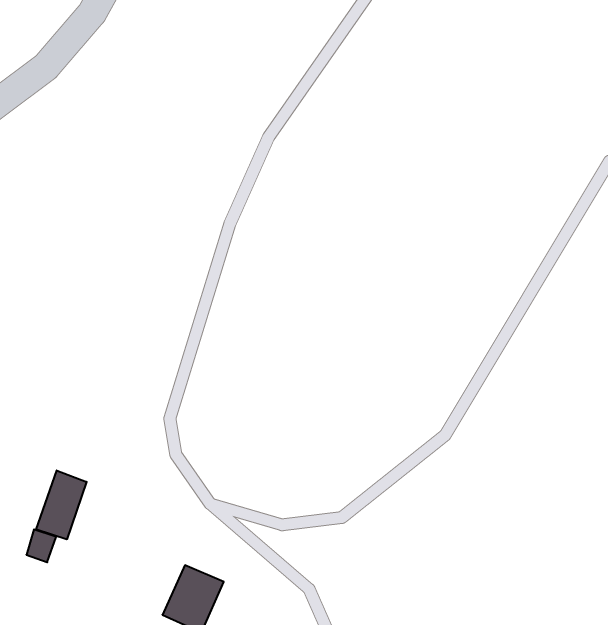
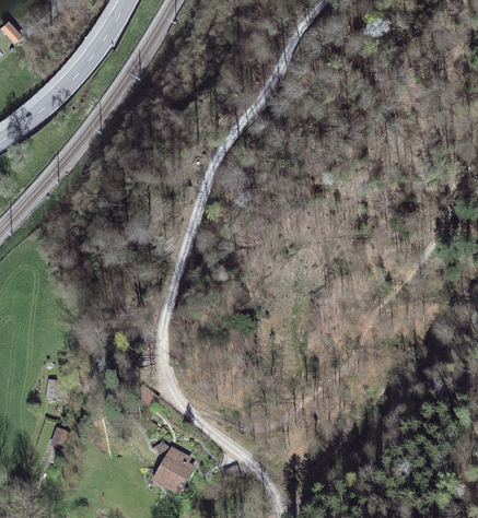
building: [36,470,87,539] -> none

